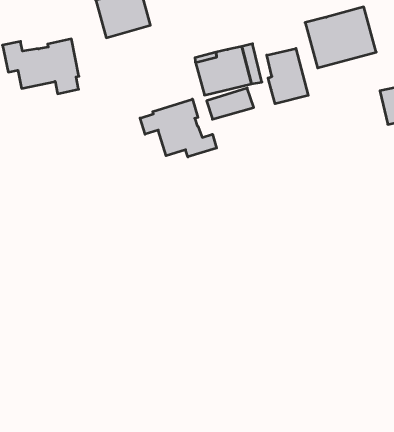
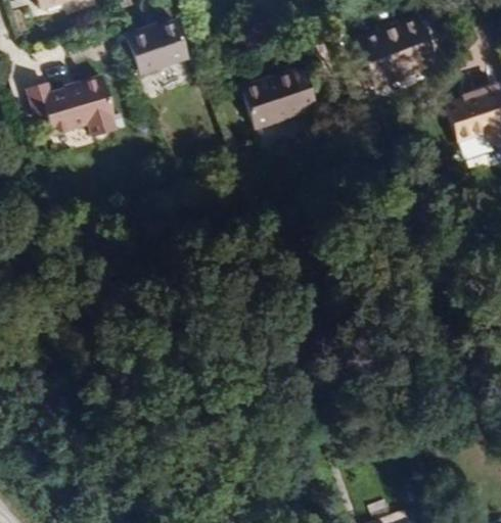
building: [267,48,308,104] -> none
building: [140,99,217,157] -> none

